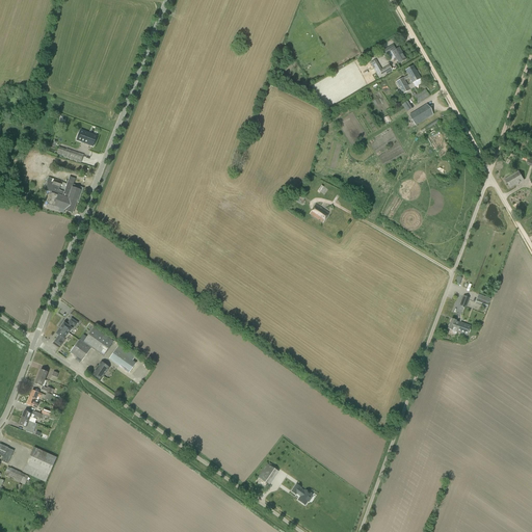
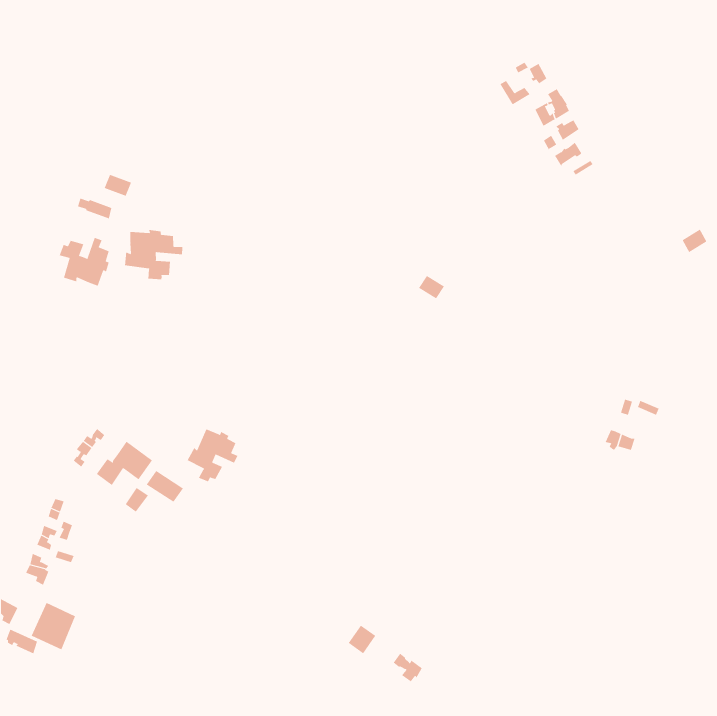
building: none -> [125,229,183,280]
building: none -> [187,429,238,482]

